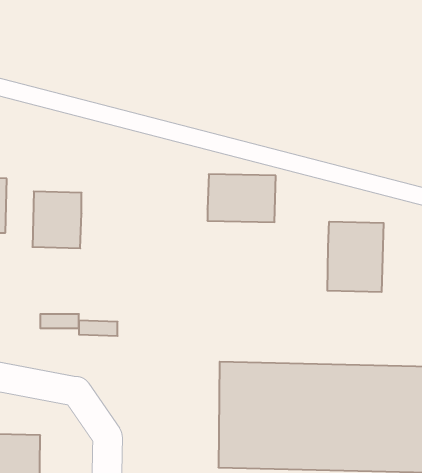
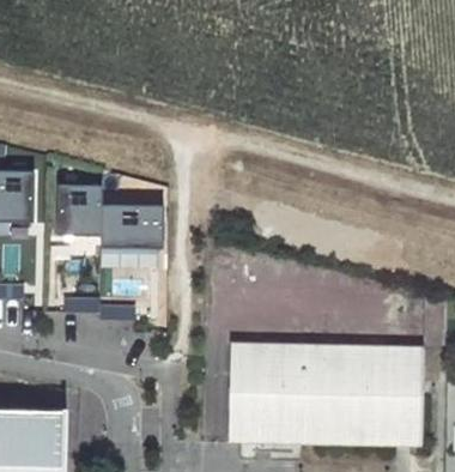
building: [207,174,276,222] -> [101,205,164,249]
building: [327,222,384,292] -> none

